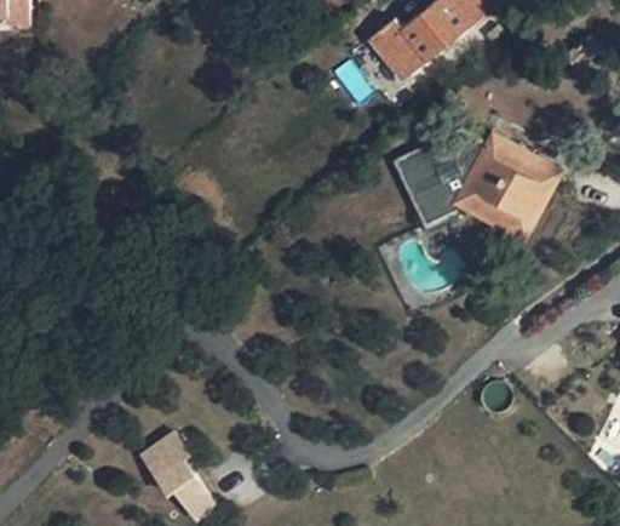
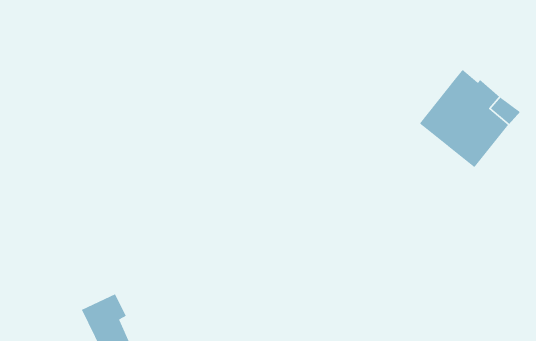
building: [396,135,483,224] -> none

